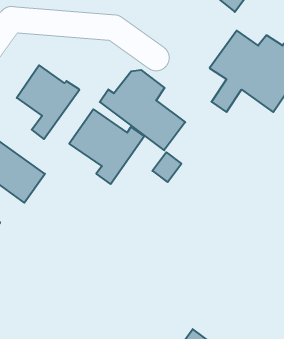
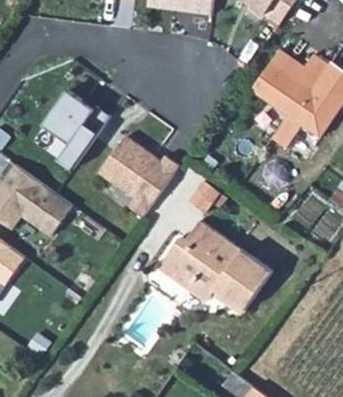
building: [100,70,185,150] -> none
building: none -> [159,220,272,311]

